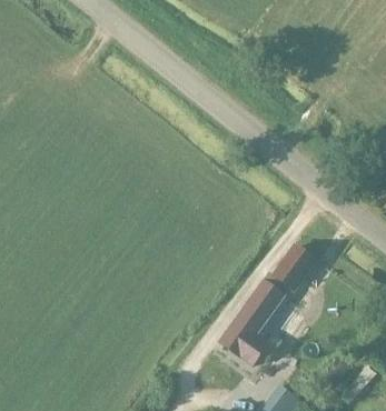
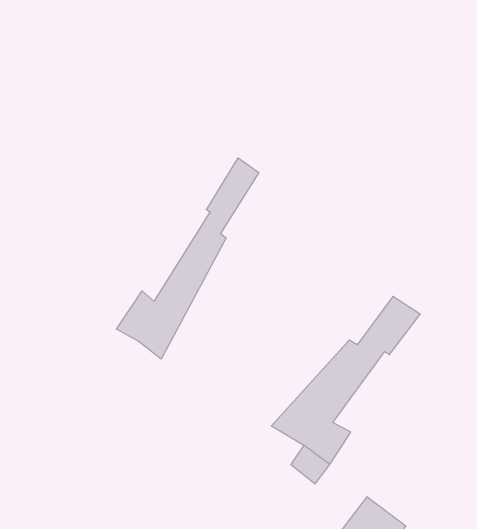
building: none -> [116,158,259,359]

